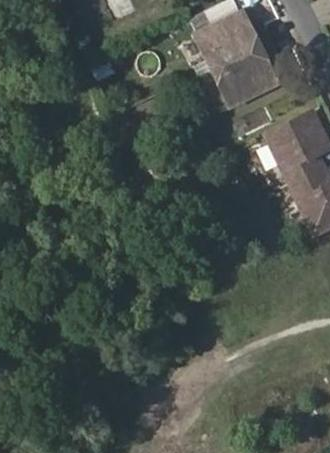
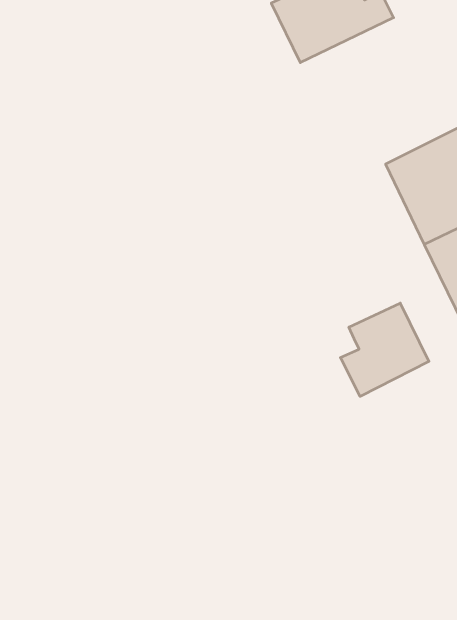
building: [212,43,277,105] -> none
building: none -> [340,303,429,396]

